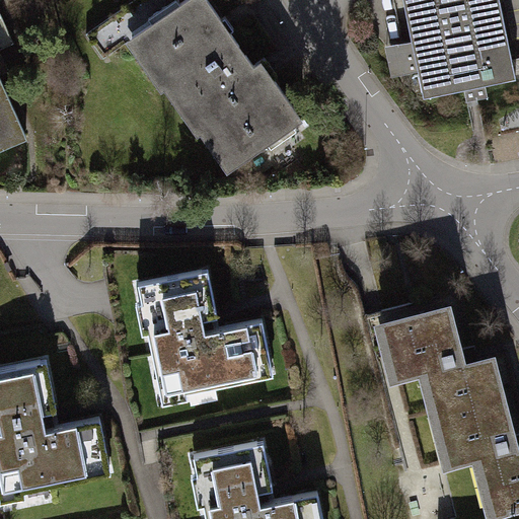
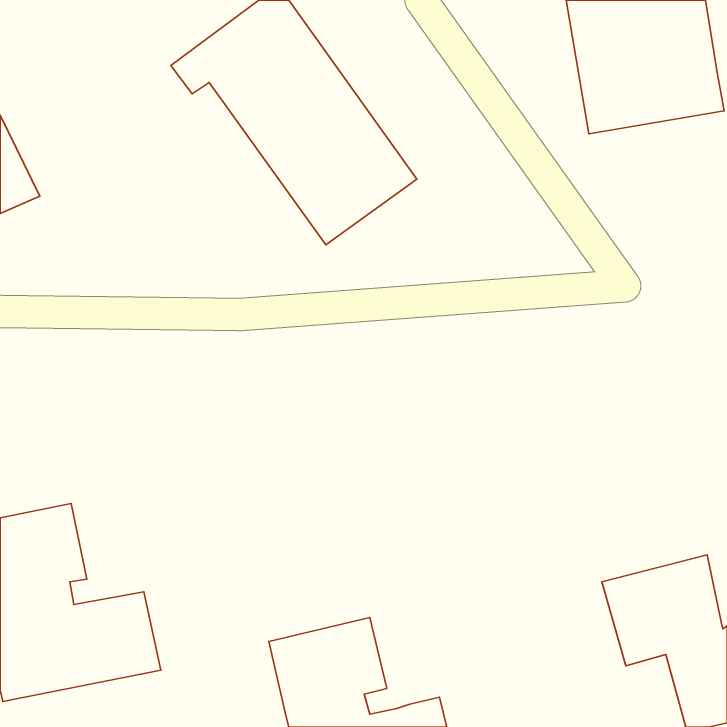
building: [131,265,275,407] -> none
building: [377,305,504,415] -> none

